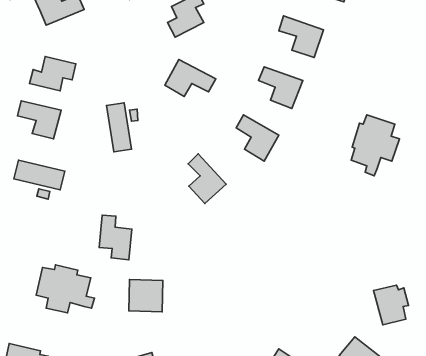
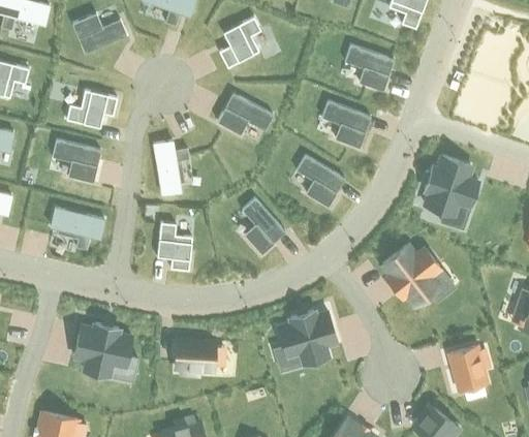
building: none -> [381,244,444,306]
building: [99,215,132,260] -> [156,222,192,272]
building: none -> [273,310,337,365]

